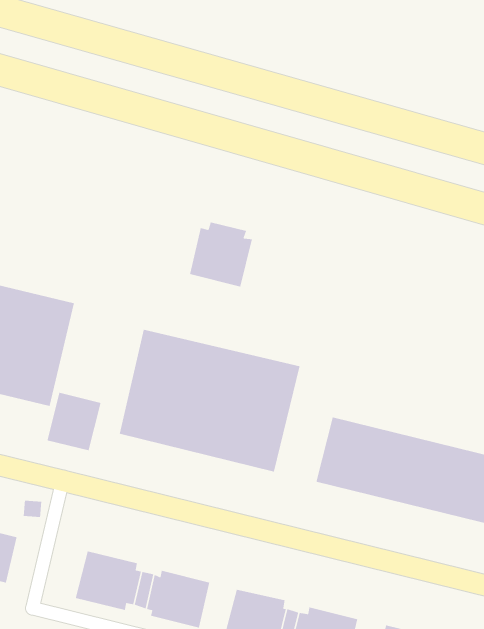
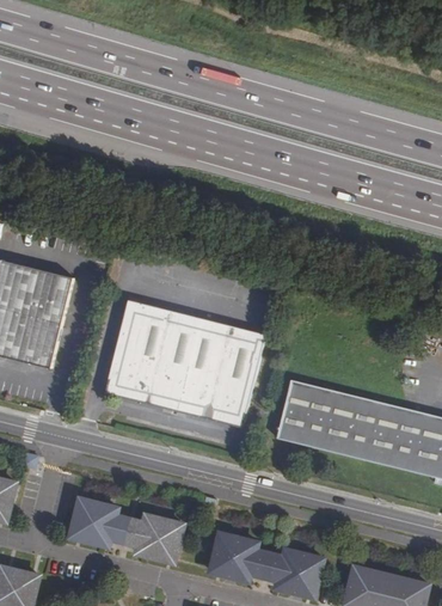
building: [189,222,253,287] -> none
building: [46,392,102,451] -> none

